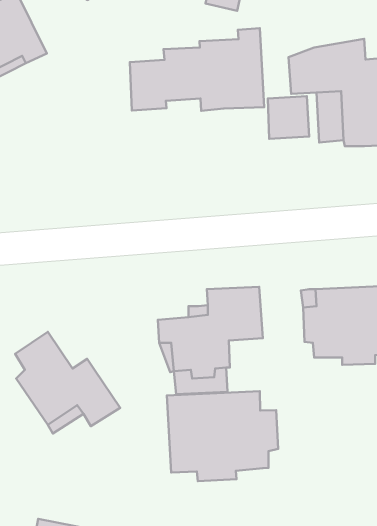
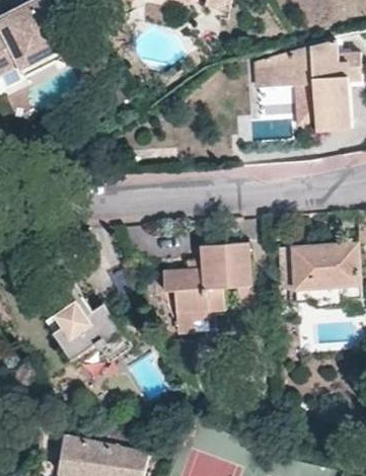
building: [130,28,264,111] -> none
building: [167,391,278,481] -> none

